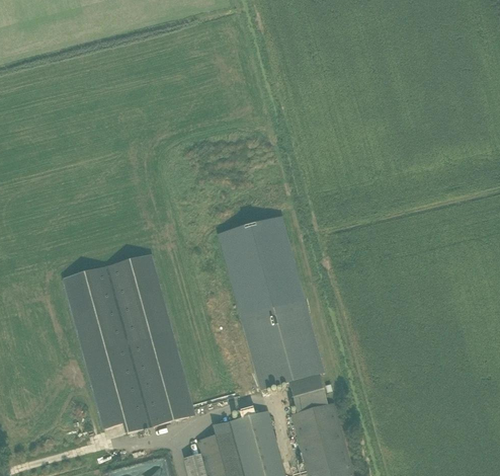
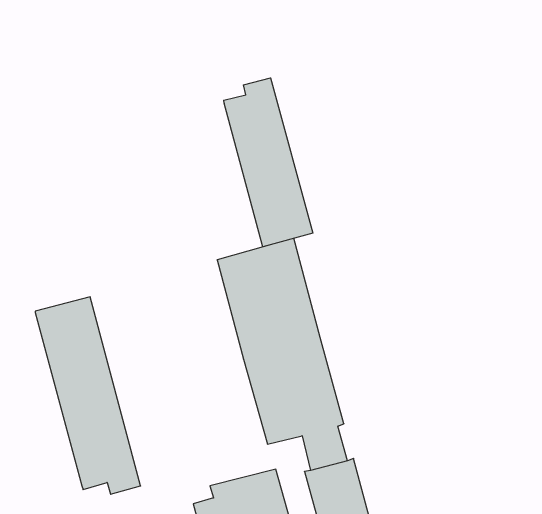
building: none -> [224,78,313,247]
building: [110,253,193,425] -> none

